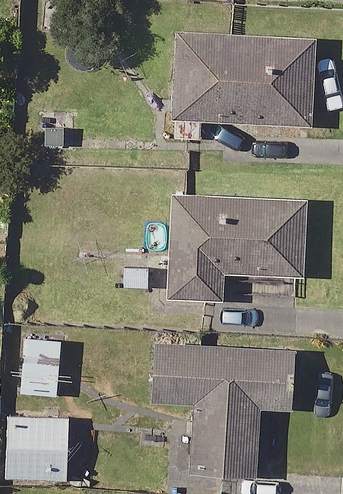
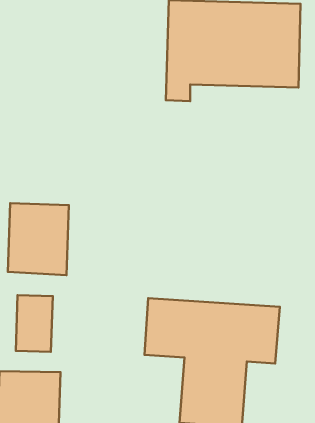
building: [169,201,305,300] -> none
building: none -> [8,203,69,275]

